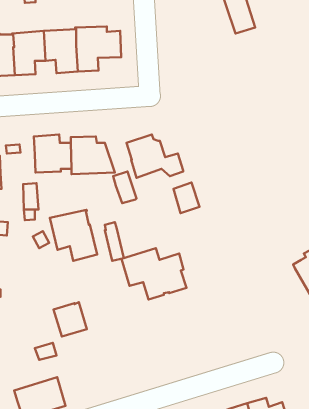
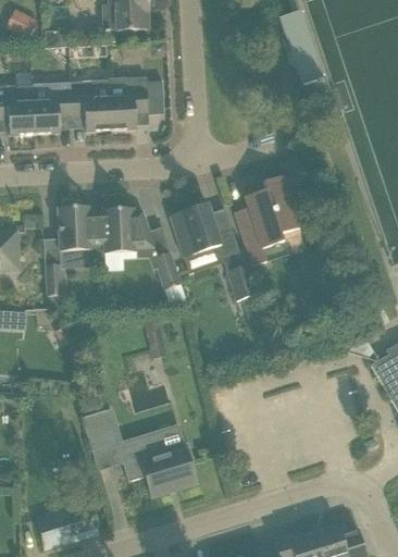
building: none -> [234,175,299,265]
building: [50,210,97,261] -> none
building: [122,248,186,299] -> [119,434,197,496]

